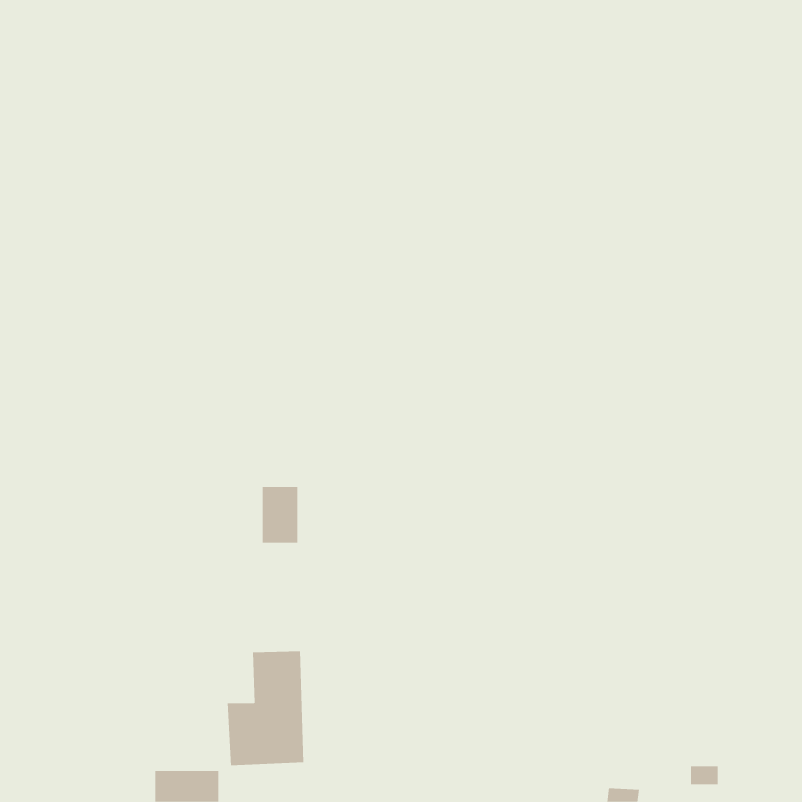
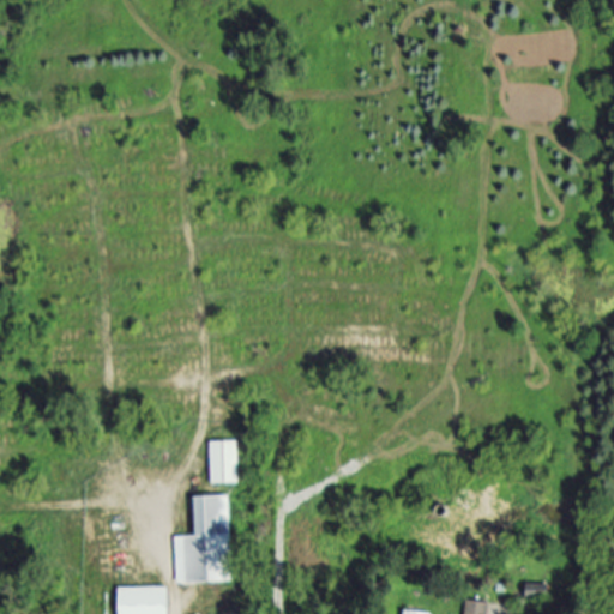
building: [262,486,298,543] -> [209,440,236,483]

